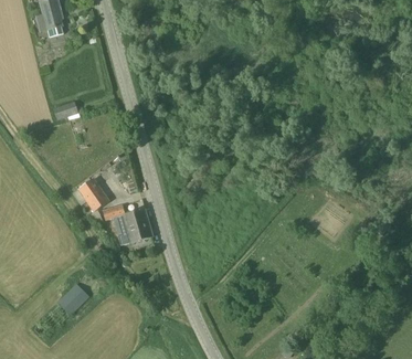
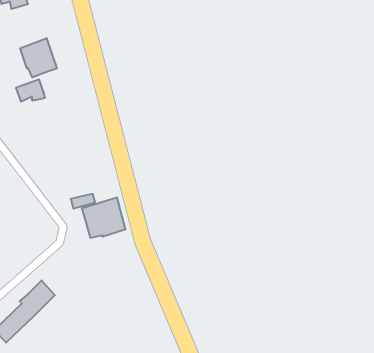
building: none -> [20,38,57,77]
building: [77,178,109,212] -> none

